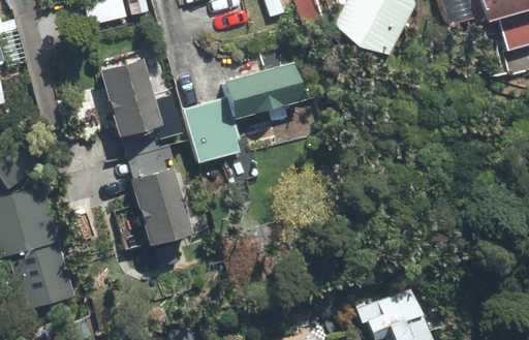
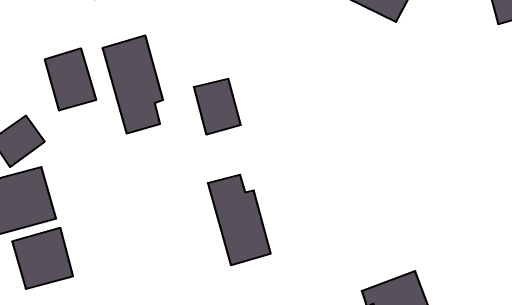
building: [223,67,302,120] -> none
building: none -> [45,48,96,111]
building: [129,153,191,242] -> [208,175,271,265]

